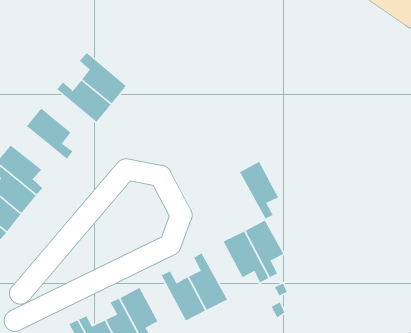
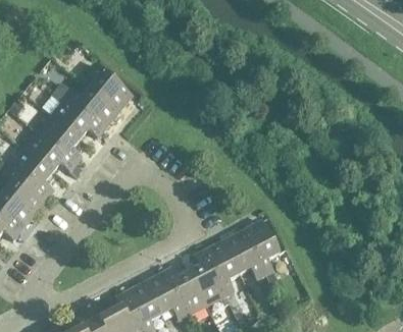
building: none -> [51,98,103,139]
building: none -> [22,132,75,173]
building: [239,161,279,220] -> [202,240,240,295]
building: none -> [144,272,187,321]

